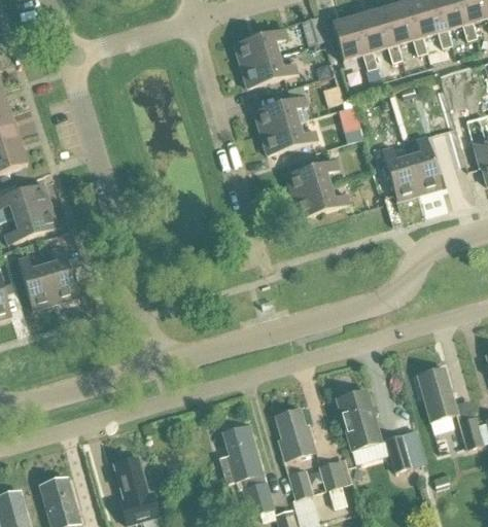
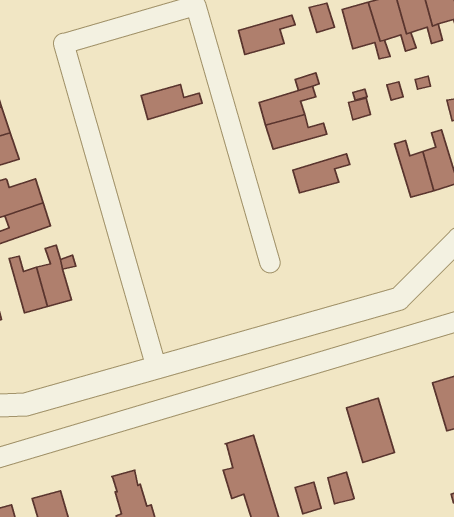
building: [241,55,299,87] -> [141,85,202,119]
building: [292,185,350,218] -> none
building: [276,408,316,459] -> none
building: [384,433,412,470] -> none

